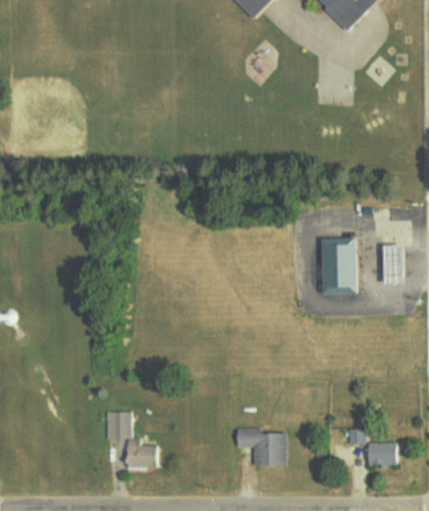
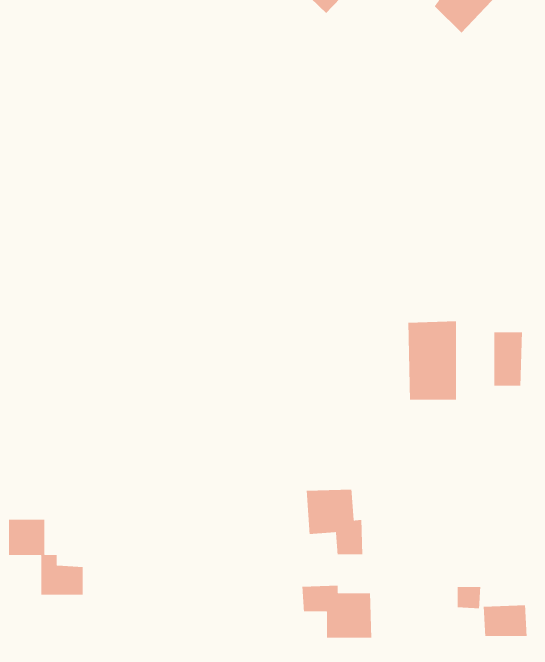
building: none -> [306,489,363,555]
building: [104,412,158,467] -> [8,519,84,596]

